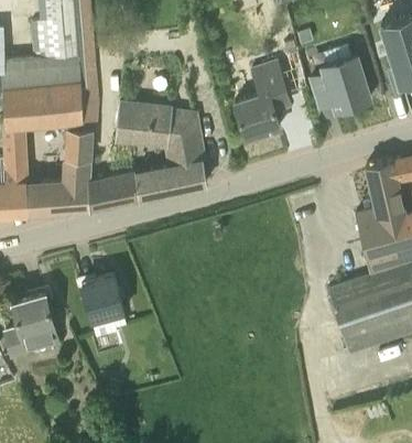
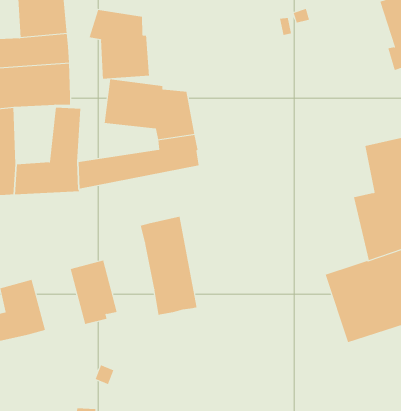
building: none -> [89,9,149,79]
building: [312,56,371,111] -> none
building: [235,63,289,139] -> none
building: none -> [140,216,197,316]

